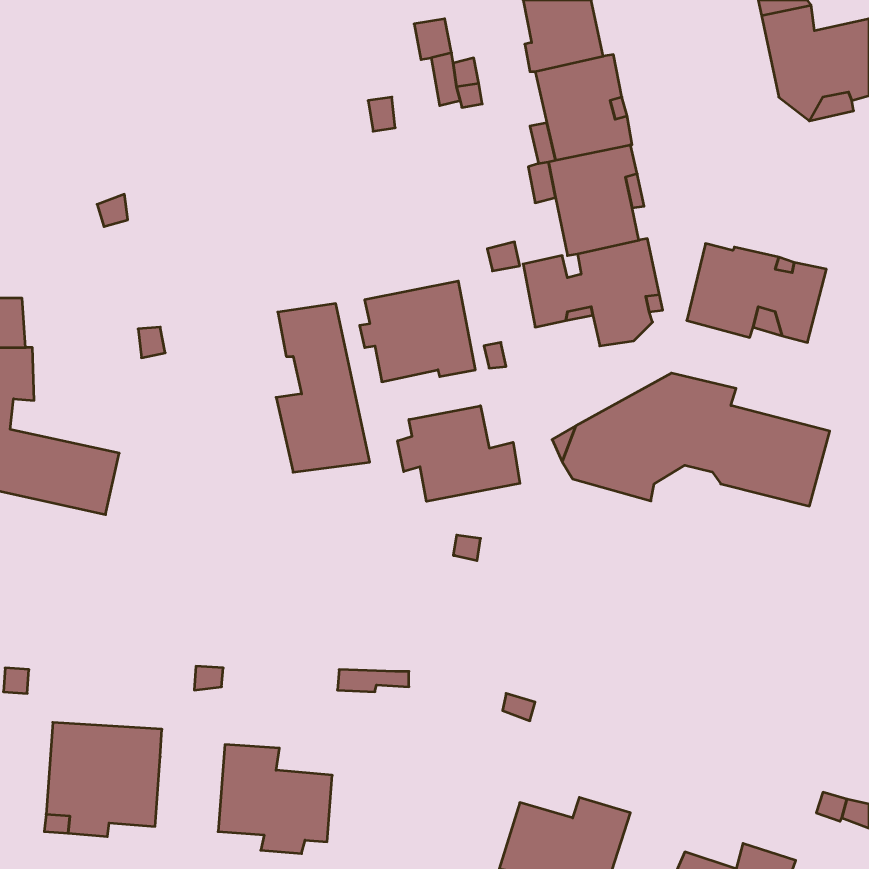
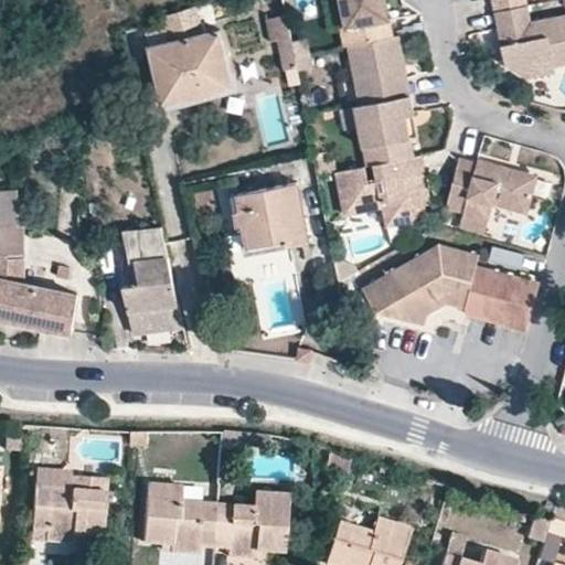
building: none -> [150,33,232,104]
building: [276,304,370,472] -> [121,226,182,335]
building: [398,406,520,501] -> none
building: none -> [212,490,287,557]

